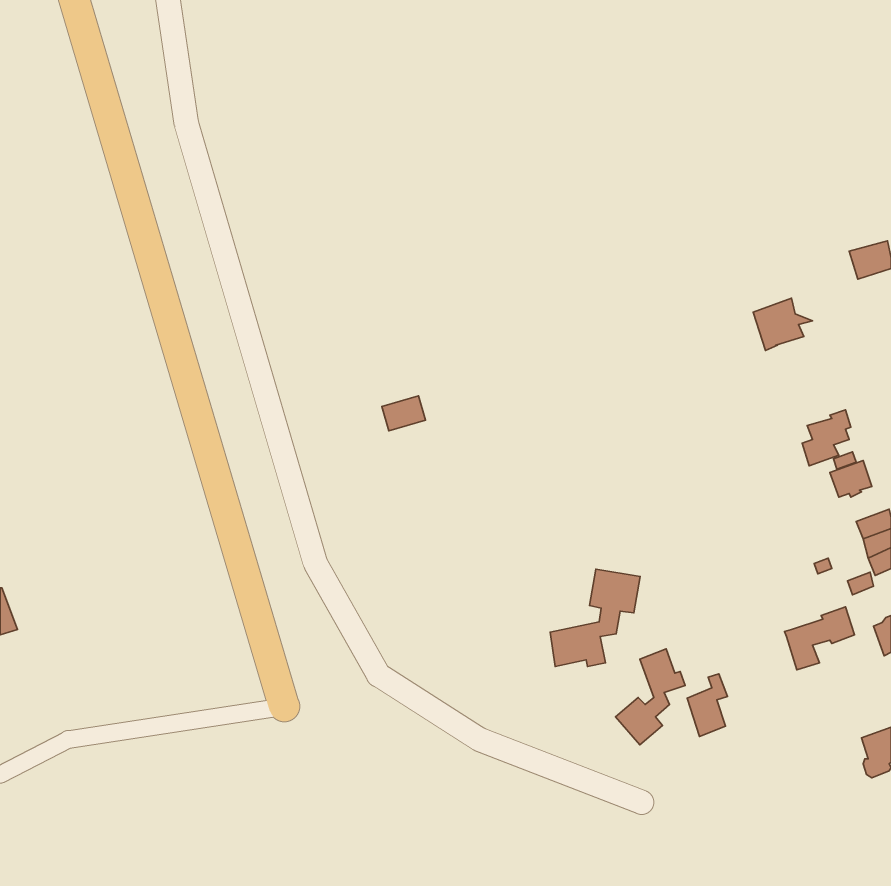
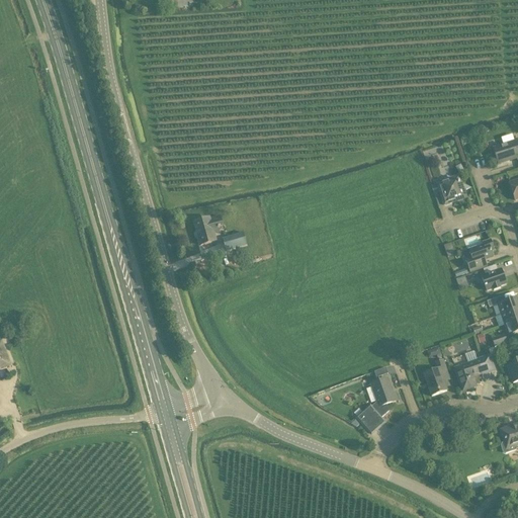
building: none -> [193,213,223,243]
building: [550,569,640,667] -> none
building: [687,674,727,737] -> [424,358,447,395]

